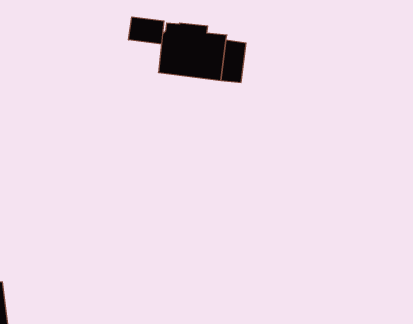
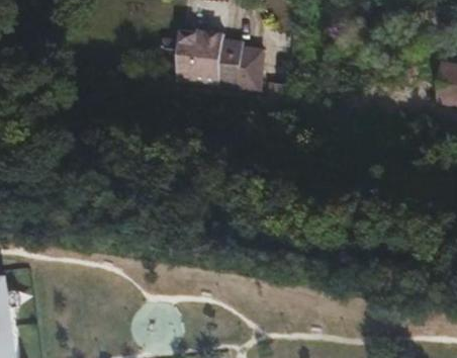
building: [129,17,164,44] -> none

